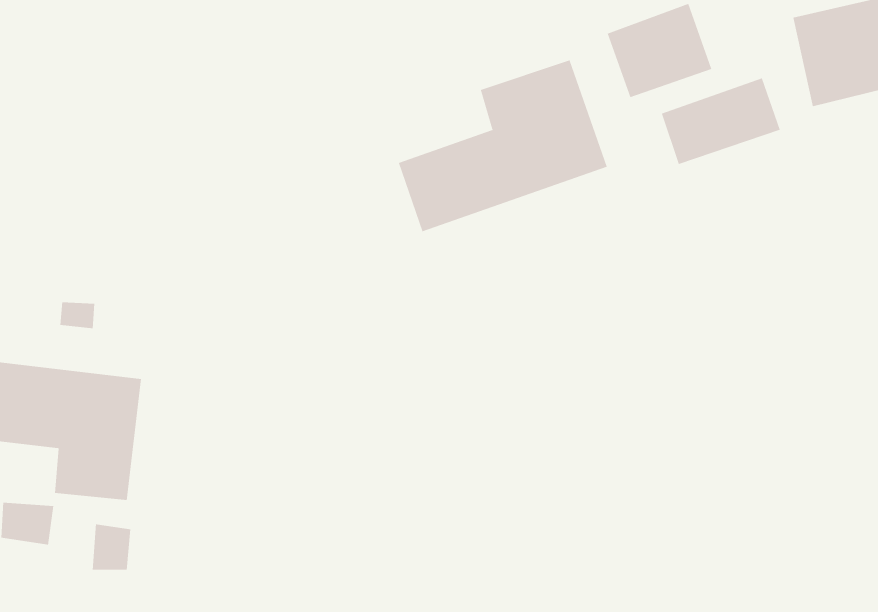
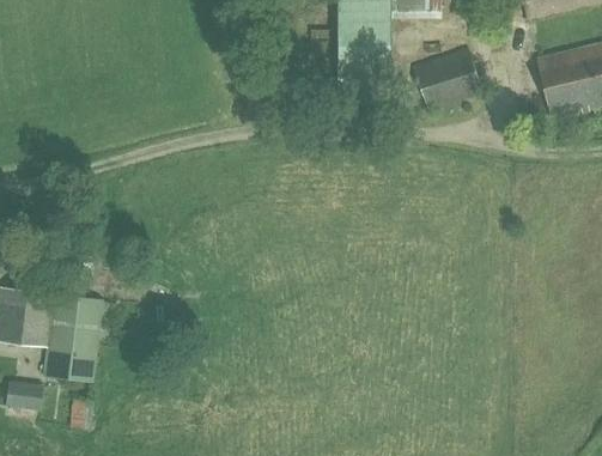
building: [398,59,608,232] -> none
building: [661,77,781,165] -> none

